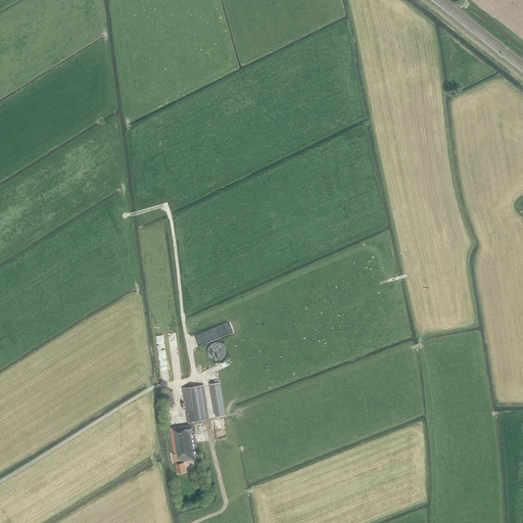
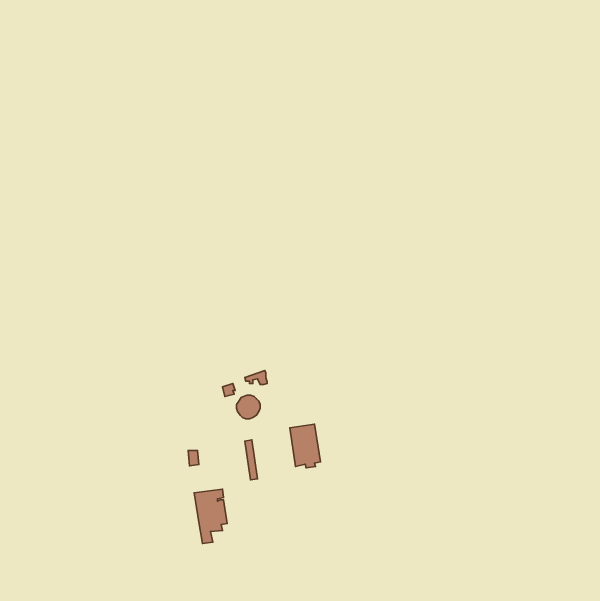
building: [181,385,207,423] -> [290,424,320,468]

